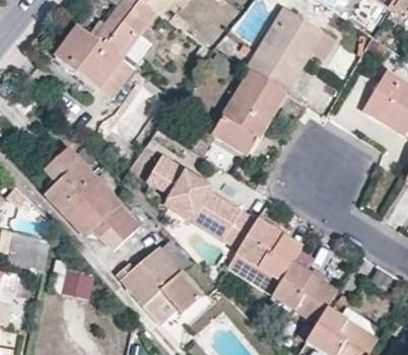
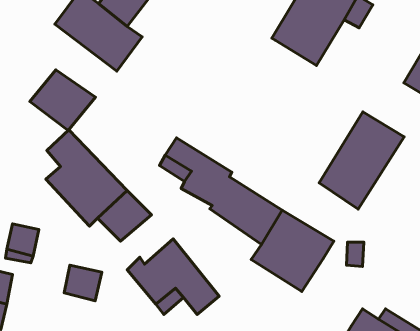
building: [210,70,285,156] -> [319,112,404,209]
building: none -> [30,70,95,130]
building: [271,263,335,323] -> none

